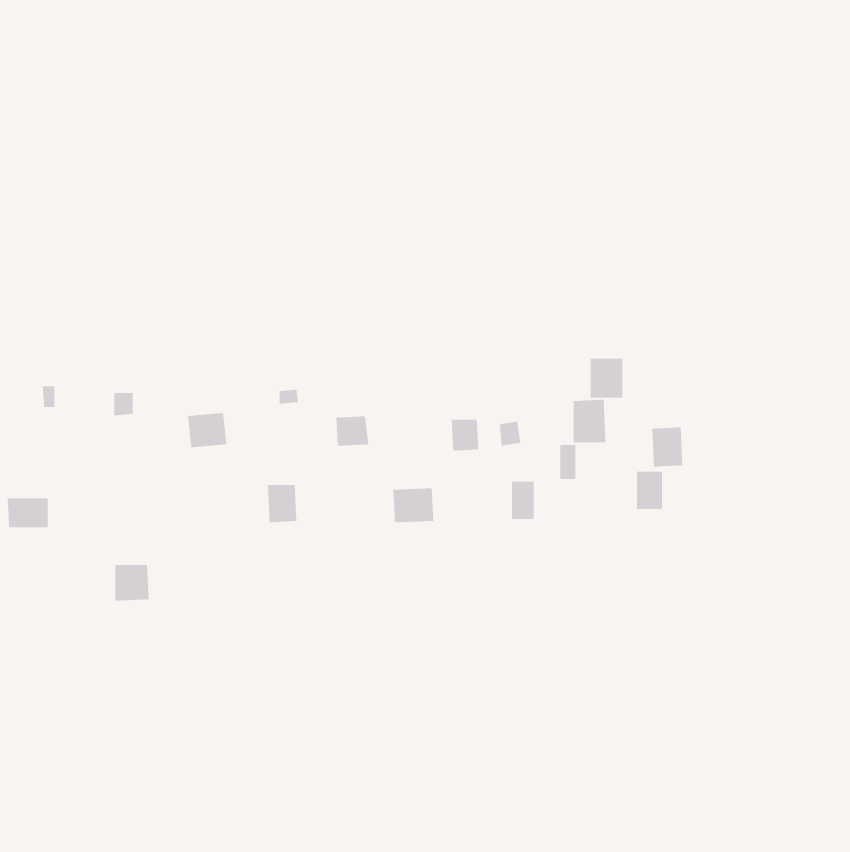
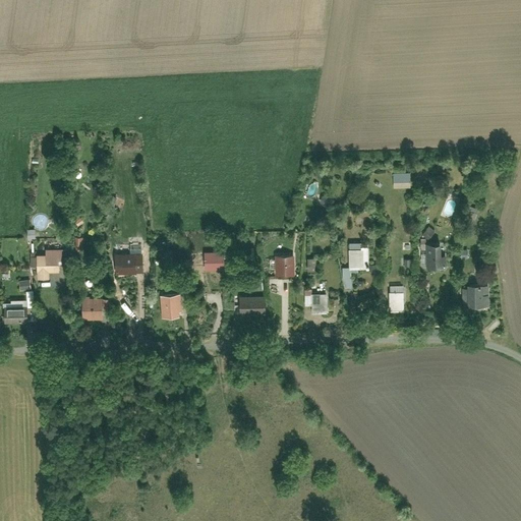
building: [590,358,623,399] -> none
building: none -> [35,248,62,280]
building: [652,427,683,467] -> [422,242,442,267]
building: none -> [469,286,488,309]
building: [115,564,150,601] -> [81,295,103,317]

